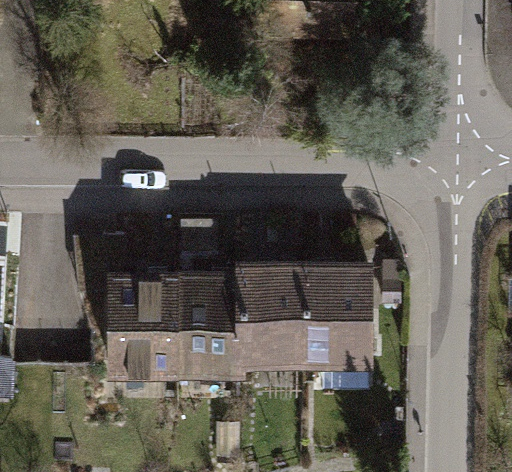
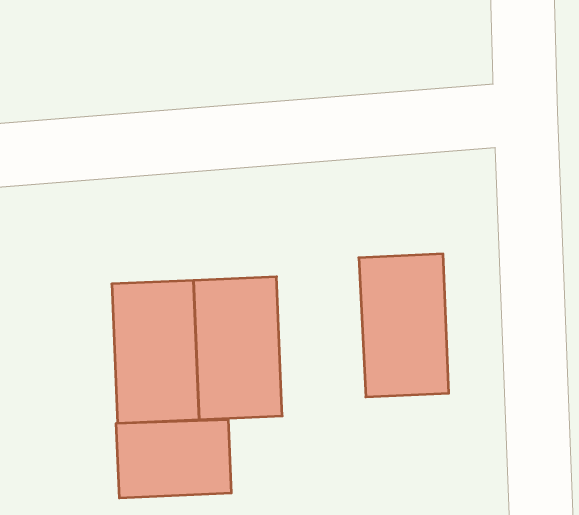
building: [239,259,306,369] -> none
building: none -> [116,419,231,498]

